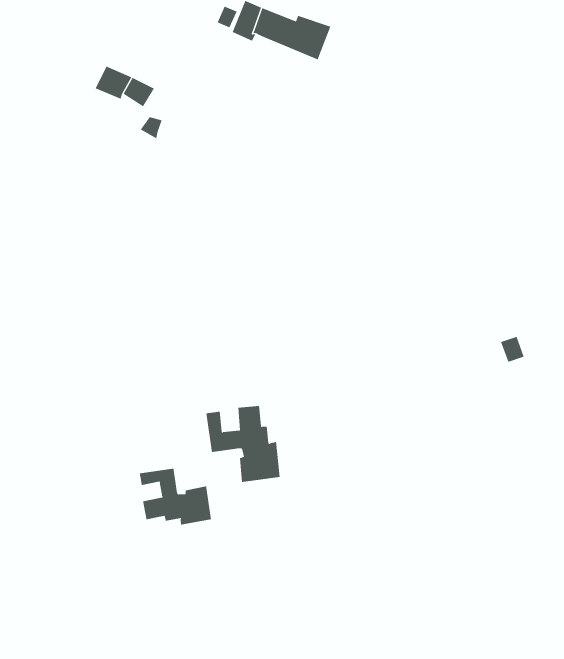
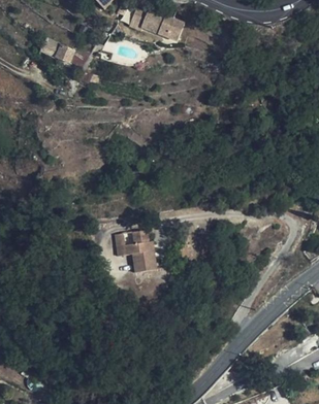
building: [139,468,212,526] -> none

